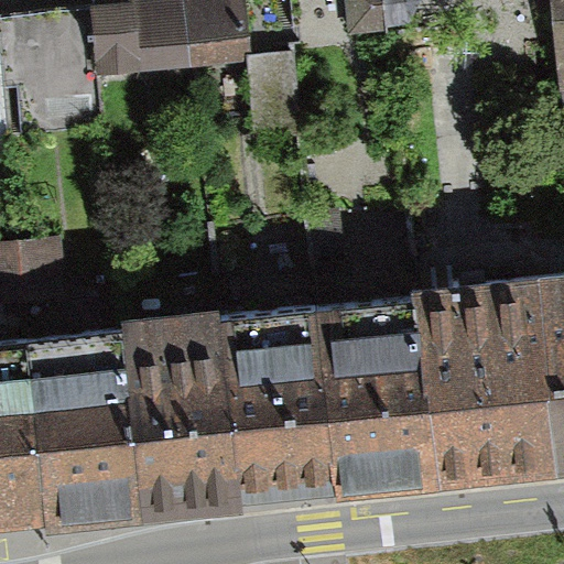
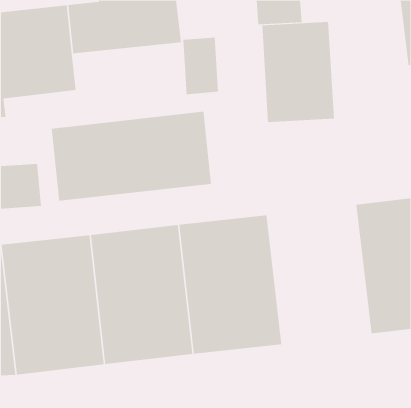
building: none -> [262,21,334,123]
building: none -> [51,111,212,202]
building: [366,284,508,476] -> none

